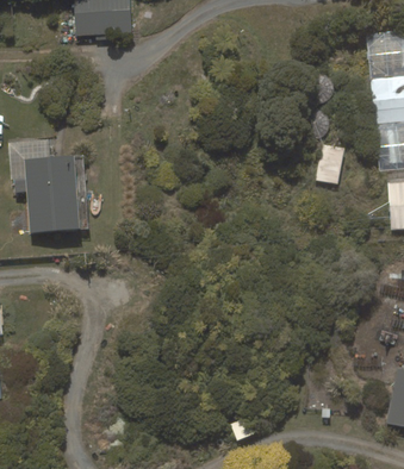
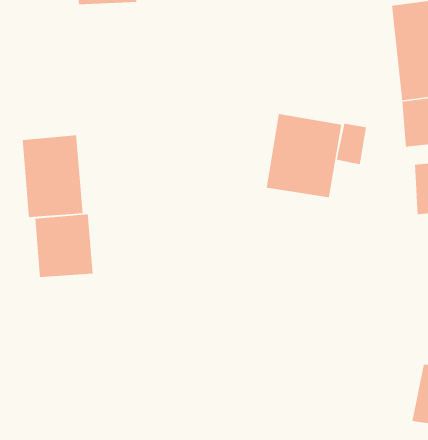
building: none -> [266,113,342,198]
building: none -> [35,214,93,278]

